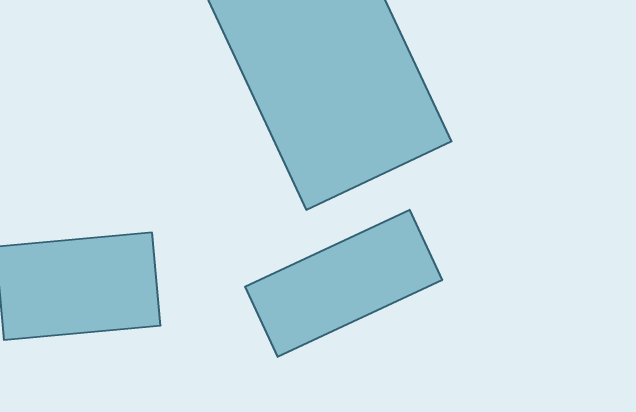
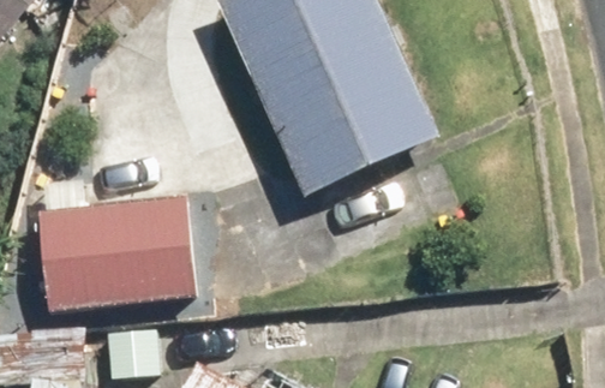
building: [245,210,442,357] -> none

